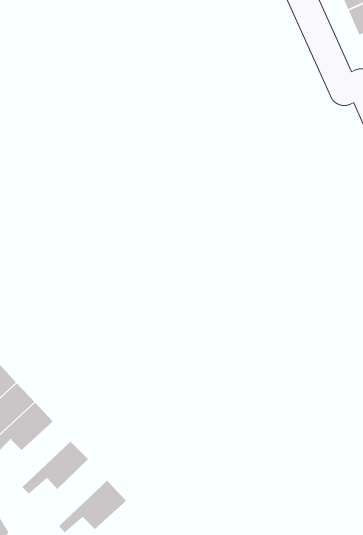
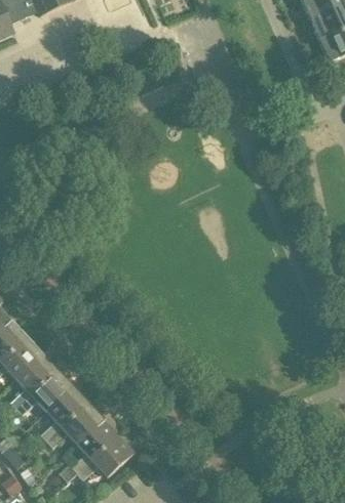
building: none -> [40,385,87,441]
building: none -> [71,417,118,473]

